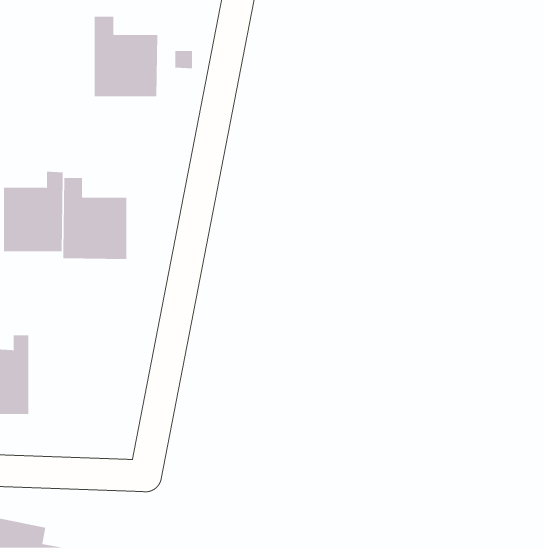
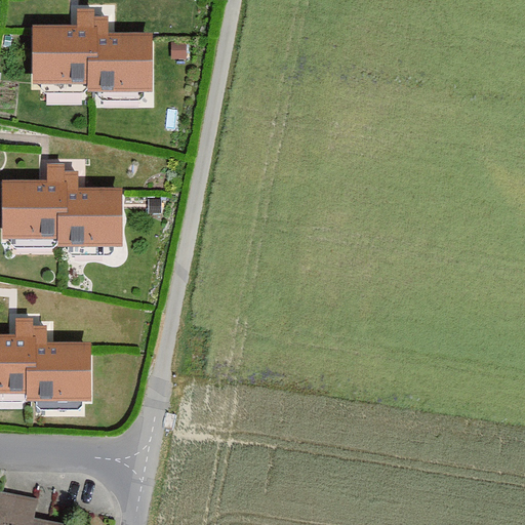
building: none -> [32,9,89,86]
building: none -> [28,324,89,402]

